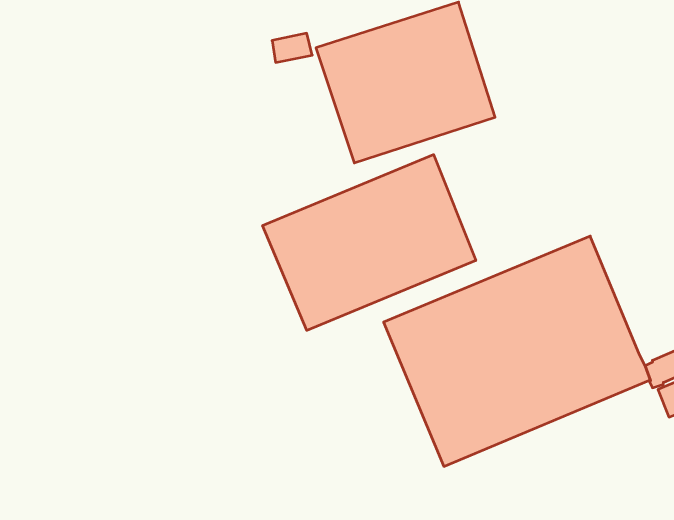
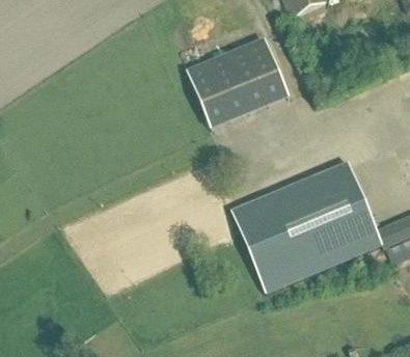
building: [263,155,476,330] -> none

